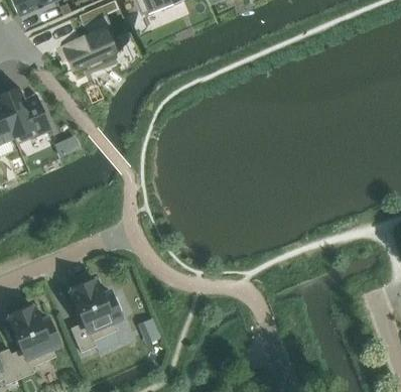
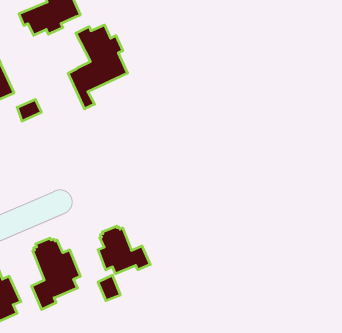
building: none -> [68,25,128,109]
building: none -> [98,226,150,274]

